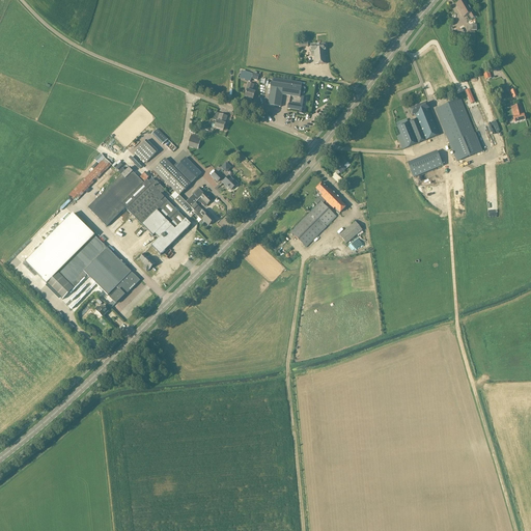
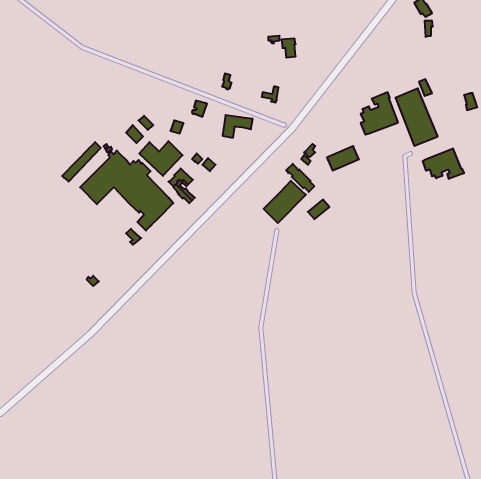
building: [269,81,302,106] -> [223,115,253,138]
building: [408,149,443,176] -> [327,146,359,171]
building: none -> [423,148,464,179]
building: [24,212,138,302] -> none

